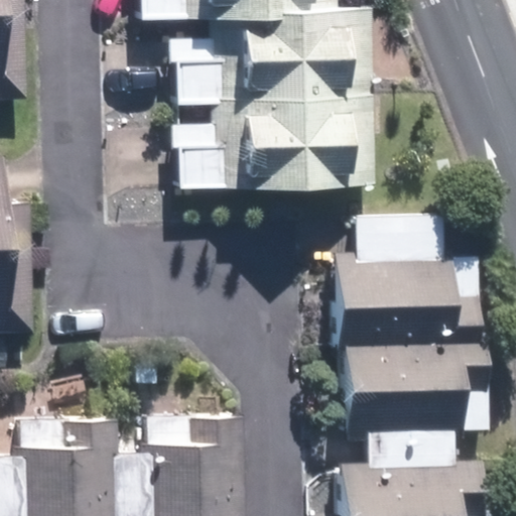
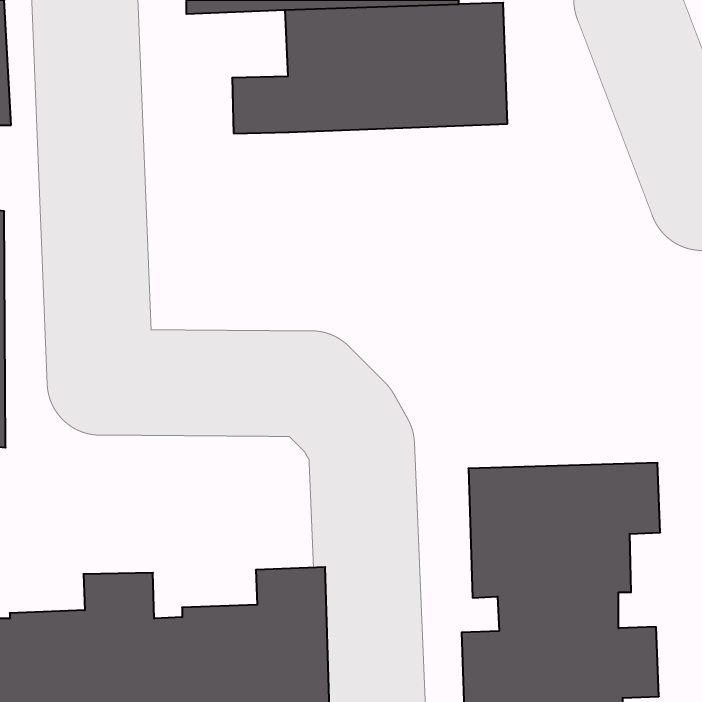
building: [170,96,371,188] -> none
building: [337,215,477,346] -> none

